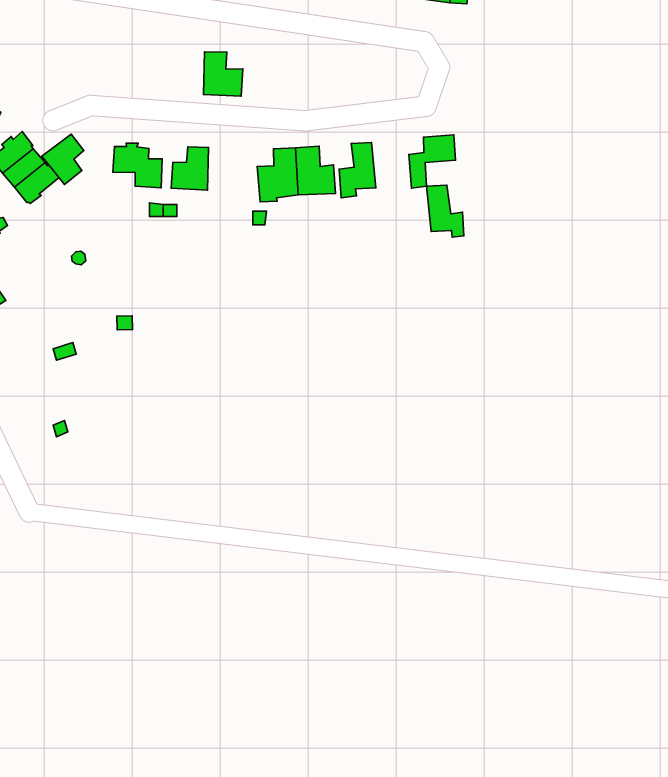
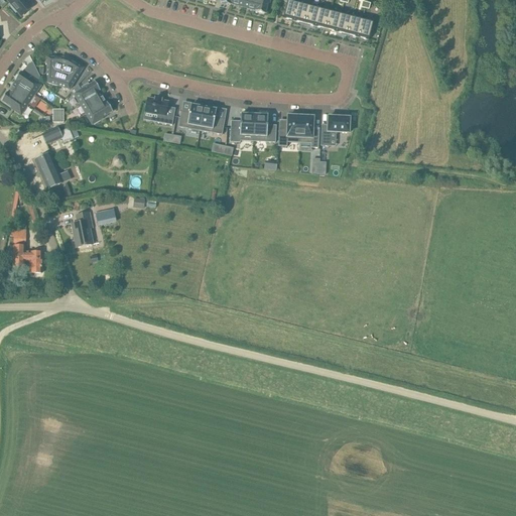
building: [204,52,243,96] -> [200,104,225,133]
building: [42,134,84,184] -> none
building: [427,185,464,237] -> [299,114,319,146]
building: none -> [72,211,93,246]

